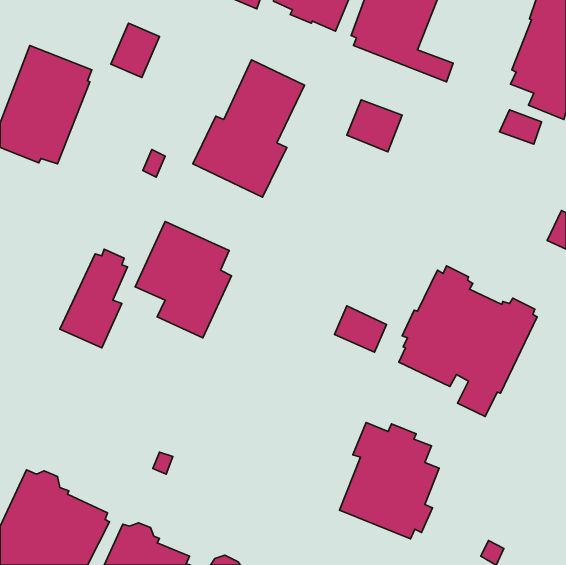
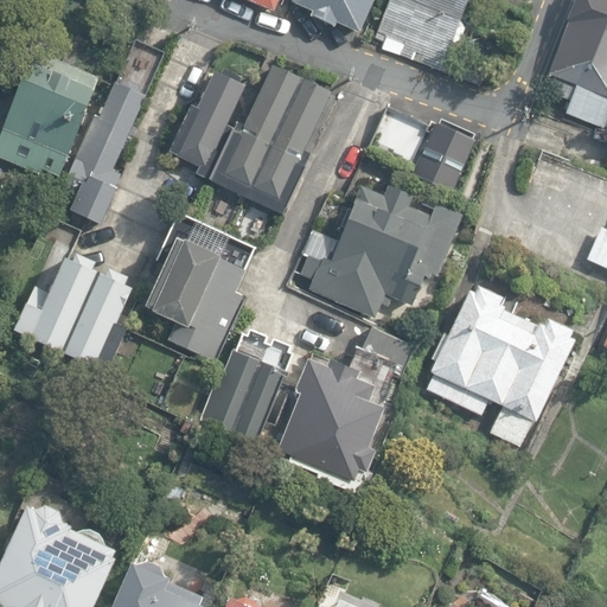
building: none -> [166,65,244,175]
building: none -> [60,78,147,222]
building: none -> [415,117,479,191]
building: none -> [299,186,462,318]
building: none -> [17,251,102,352]
building: none -> [197,328,292,445]
building: [340,423,439,539] -> [277,358,384,483]

